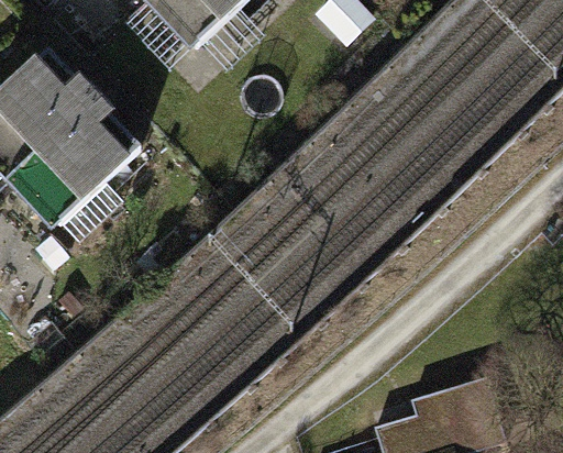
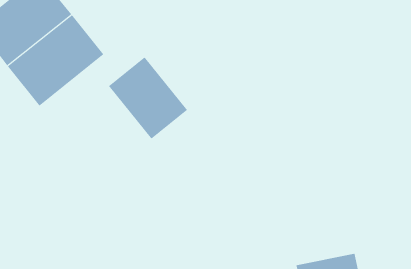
building: none -> [108,57,188,139]

